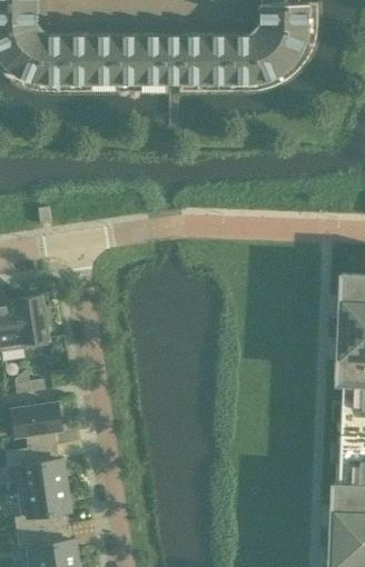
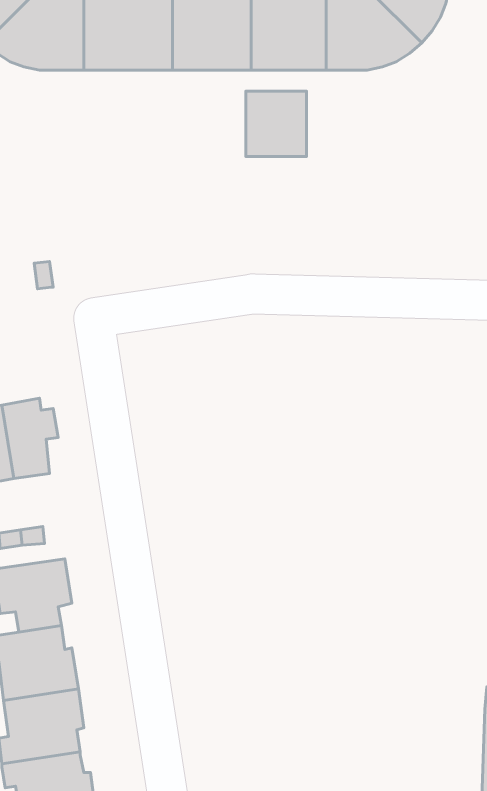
building: none -> [246,91,306,157]

